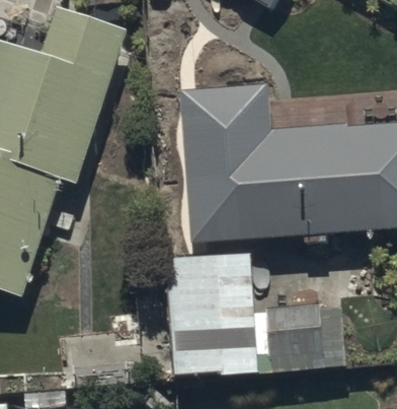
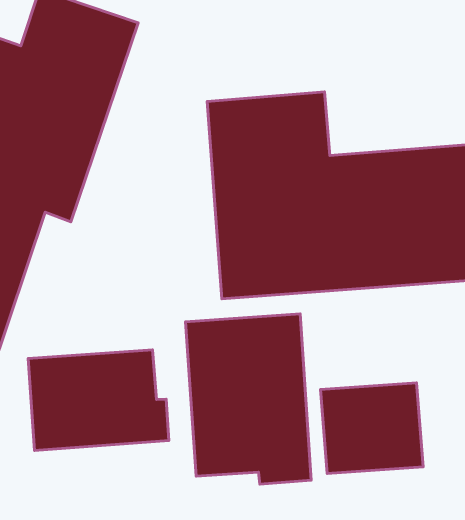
building: none -> [28,350,169,451]

